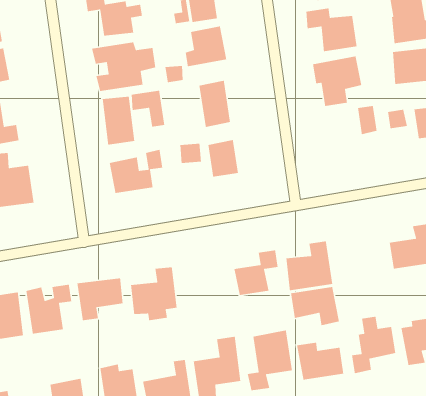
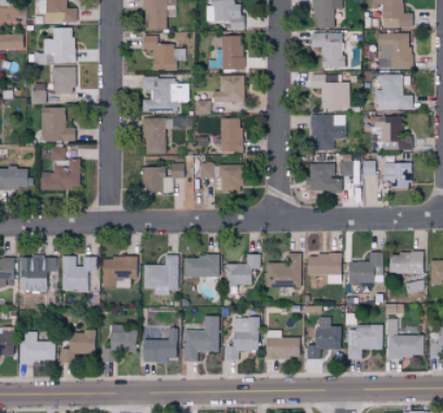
building: none -> [310,163,341,191]
building: none -> [184,256,219,277]
building: [290,286,340,326] -> [307,254,342,284]

